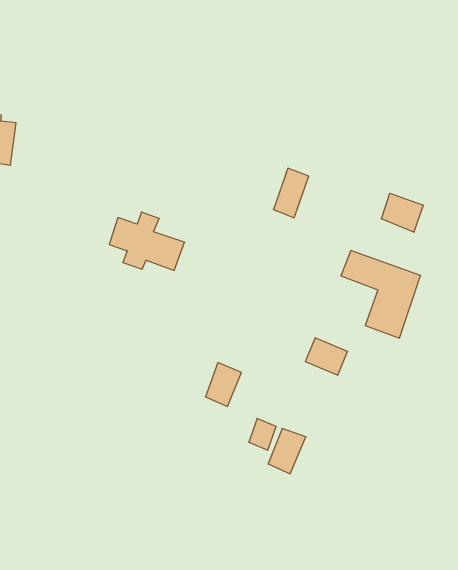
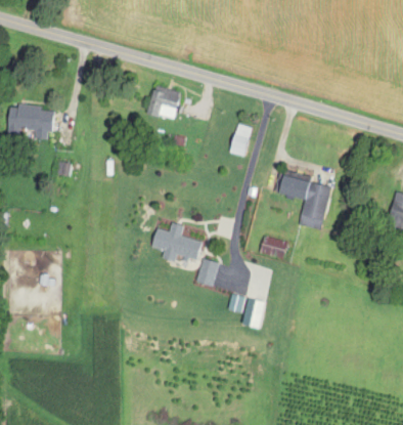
building: none -> [147,88,180,119]
building: [381,193,423,232] -> none
building: [109,212,185,270] -> [152,223,203,261]

